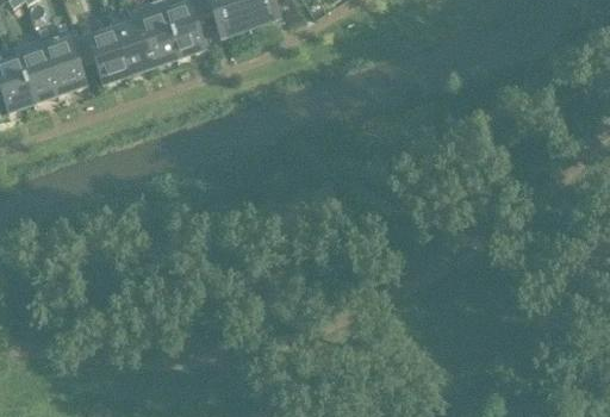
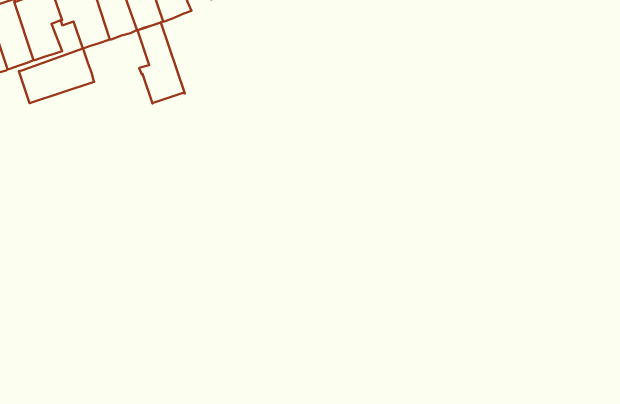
building: none -> [138,23,185,104]
building: none -> [19,49,94,103]

